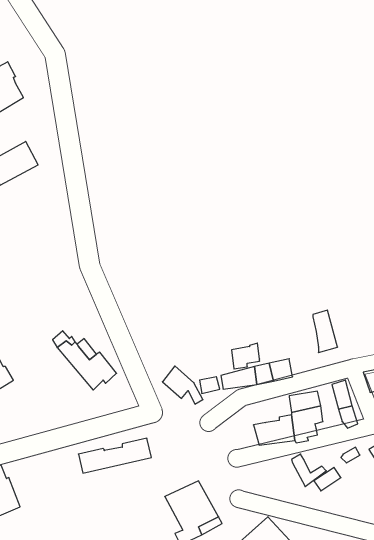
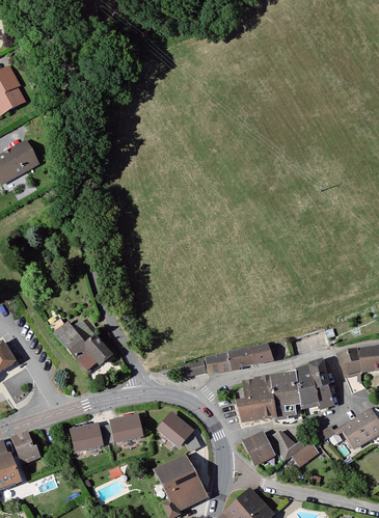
building: [313,310,338,353] -> [296,365,319,405]
building: [232,343,260,369] -> [246,377,272,401]
building: [162,366,203,404] -> [163,413,200,448]
building: none -> [12,432,40,462]
building: none -> [244,432,273,464]

